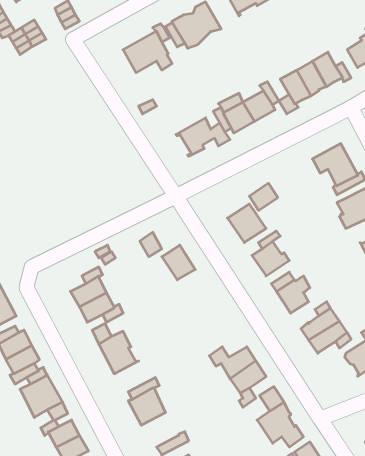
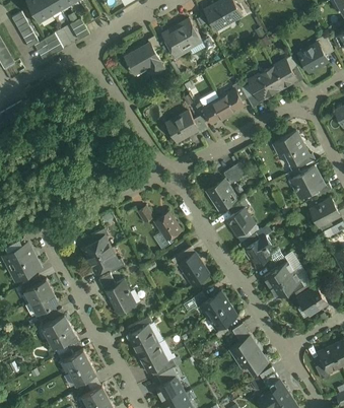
building: none -> [170,247,209,285]
building: none -> [138,344,167,371]

